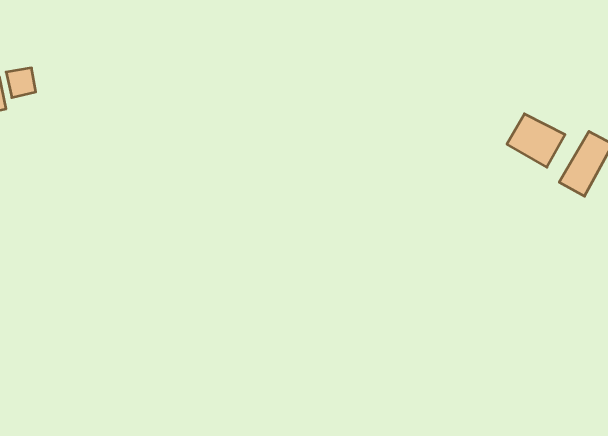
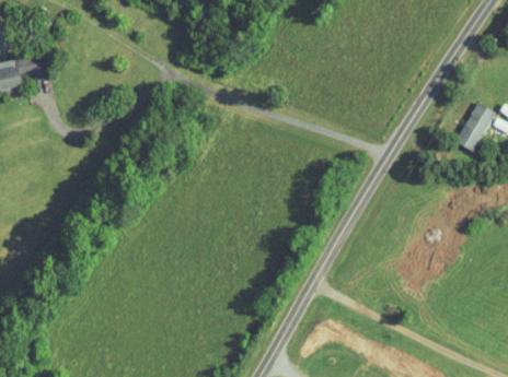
building: [507,114,565,167] -> none

